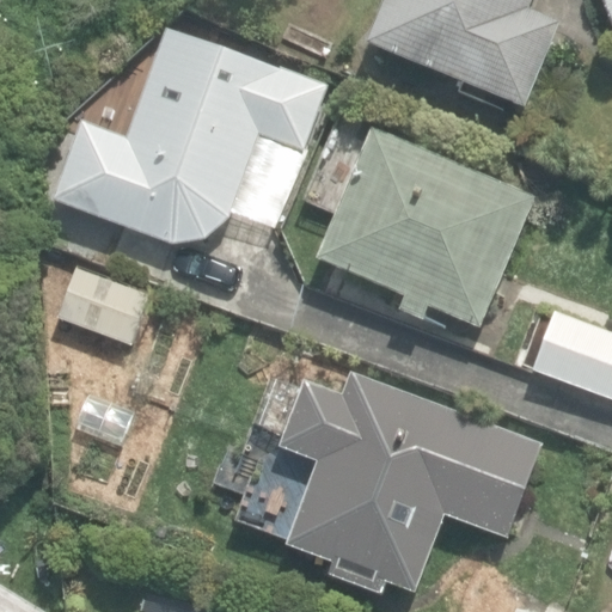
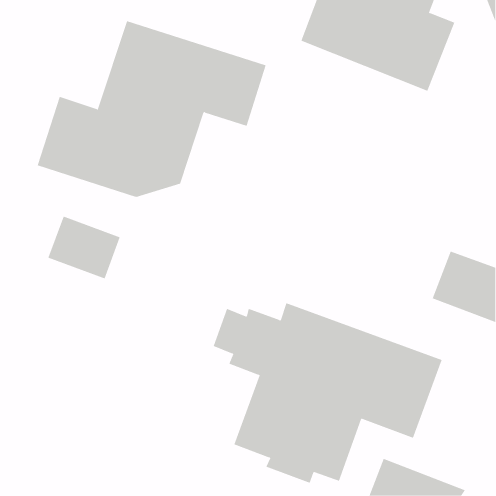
building: [318,128,536,326] -> none

